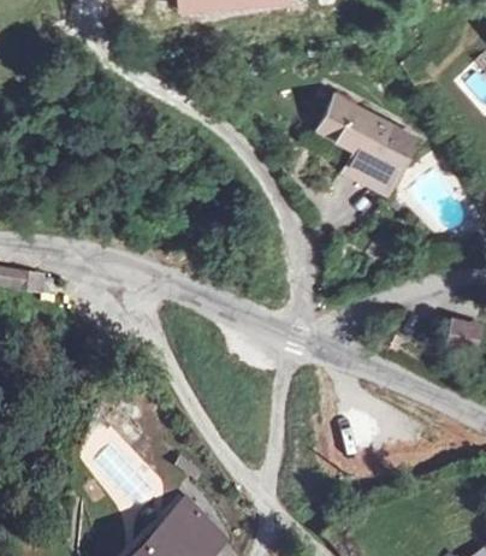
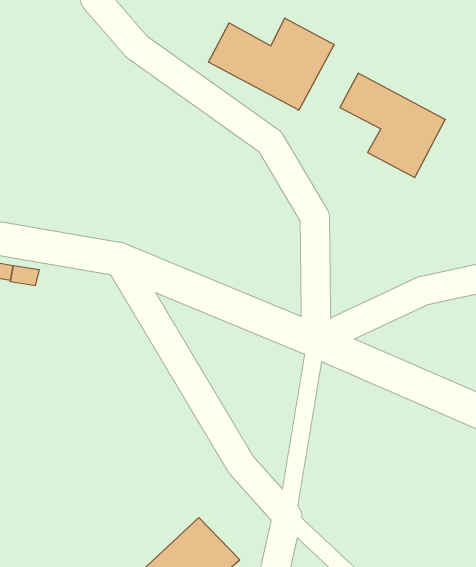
building: none -> [208,18,334,110]

